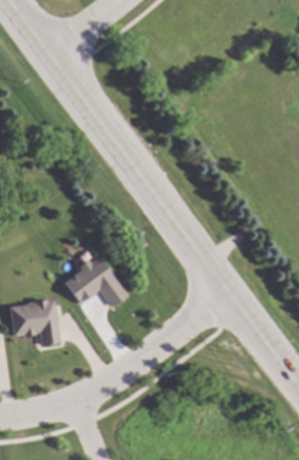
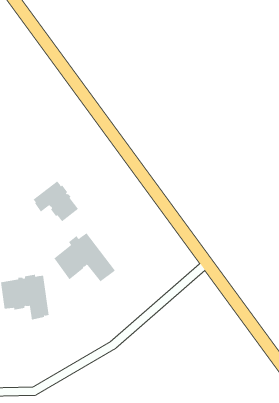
building: none -> [33,181,79,222]

